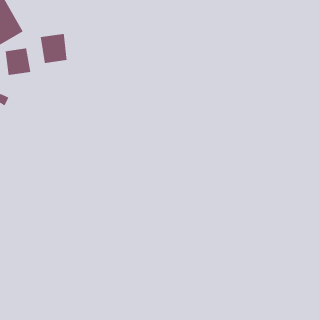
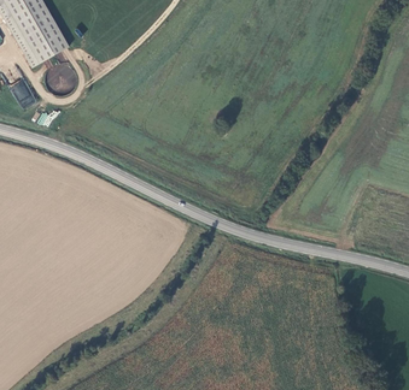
building: [40,33,67,64] -> none

